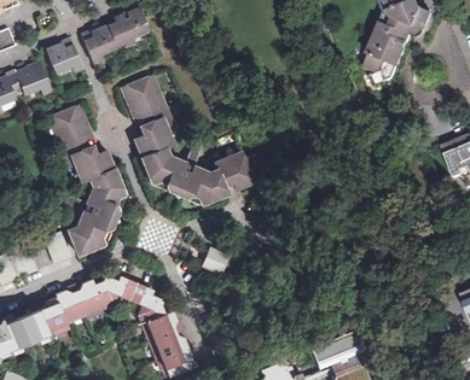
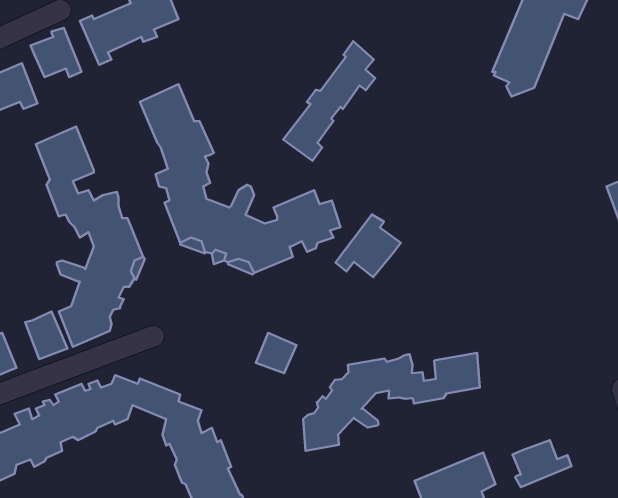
building: none -> [283,41,375,161]
building: none -> [336,215,401,277]
building: none -> [303,353,480,451]
building: none -> [512,440,572,487]

